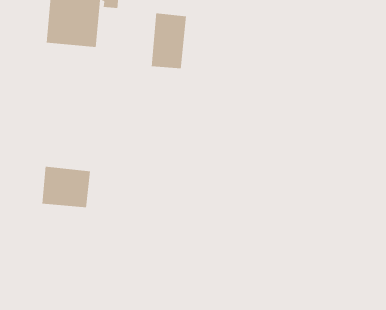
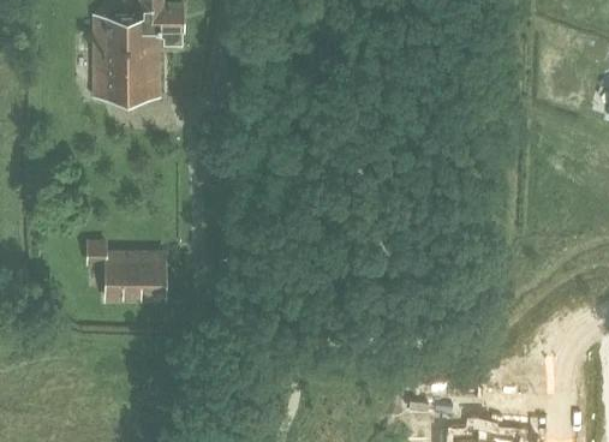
building: [151,12,187,69] -> none

